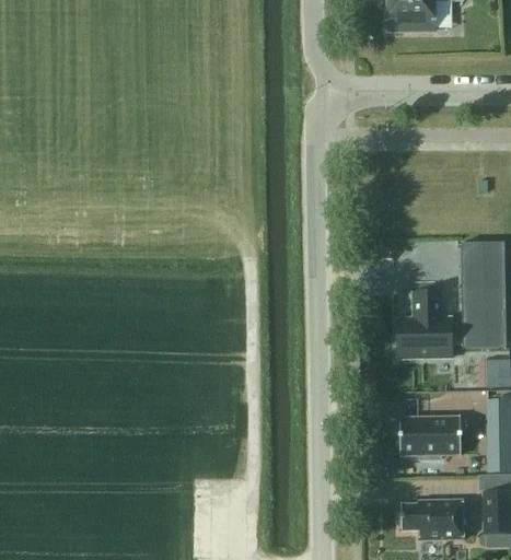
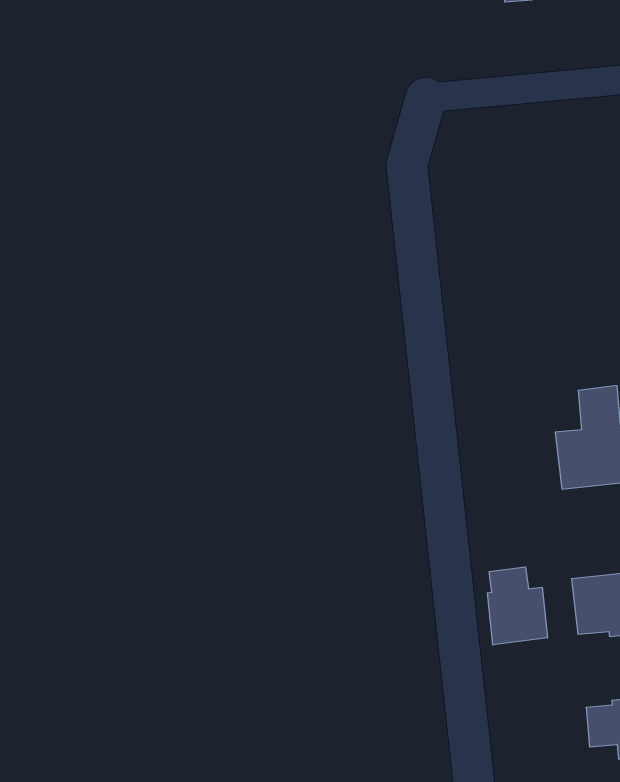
building: none -> [487,567,548,645]

